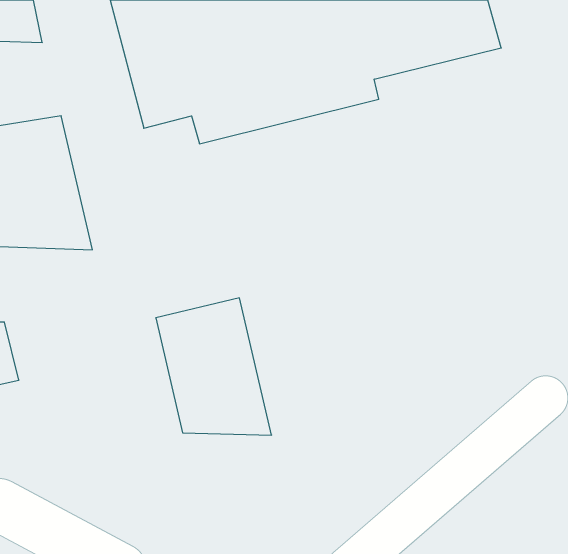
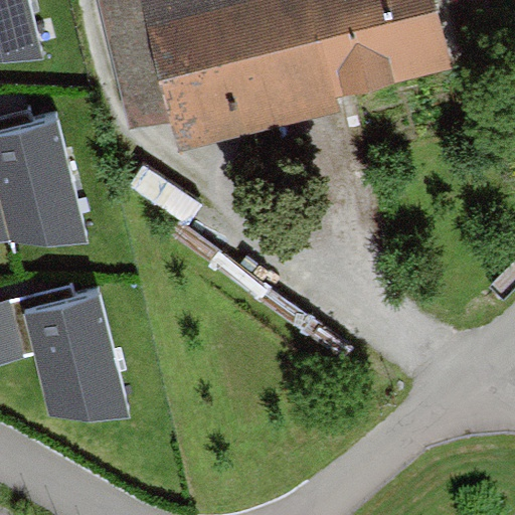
building: [156,298,272,435] -> [25,290,130,413]

